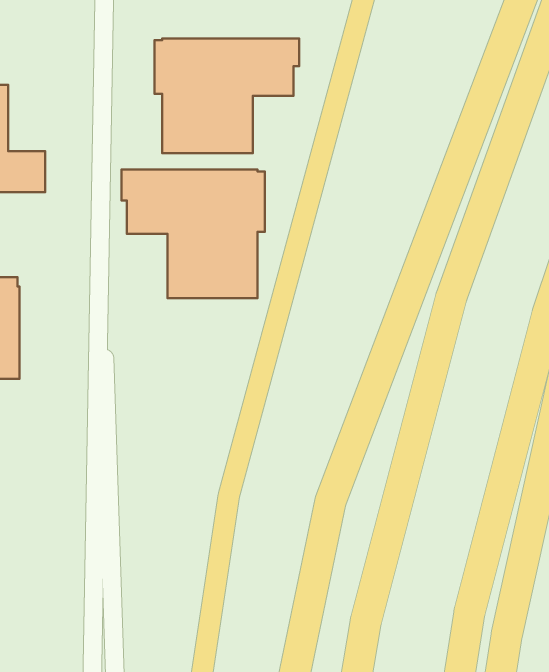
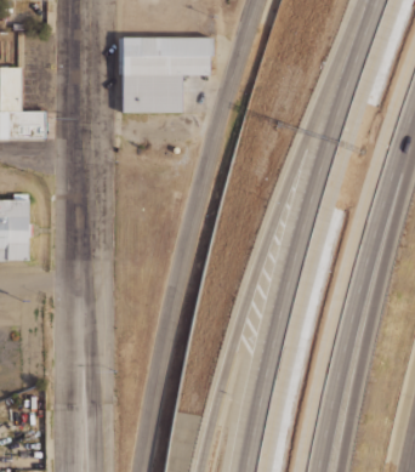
building: [121,170,265,298] -> none

